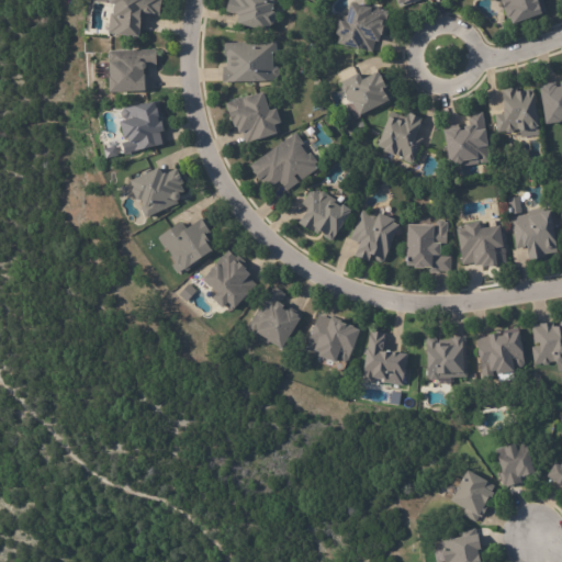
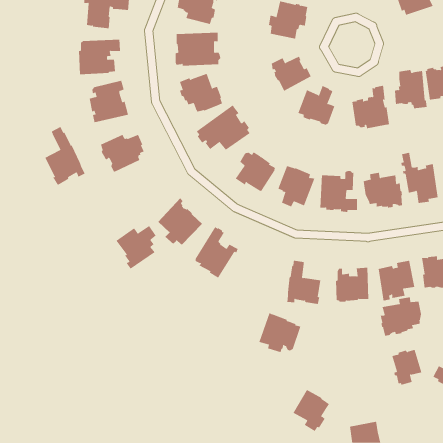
building: none -> [44,126,85,186]
building: [160,217,212,273] -> [115,225,156,269]
building: [305,313,359,363] -> [259,313,301,353]
building: none -> [380,296,422,337]
building: [449,465,496,519] -> [293,389,330,432]

